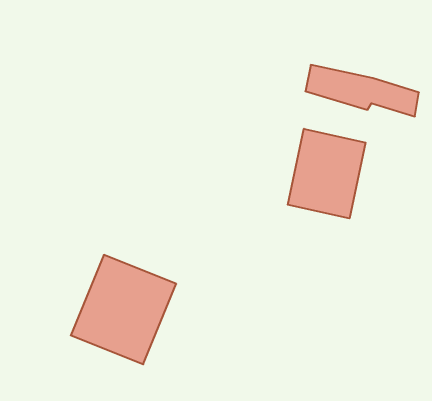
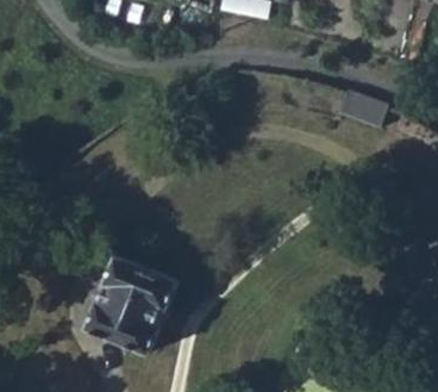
building: [288,129,366,218] -> none

